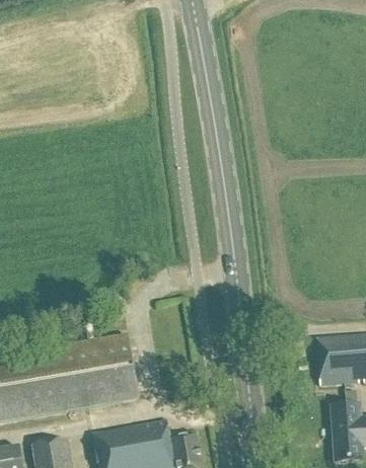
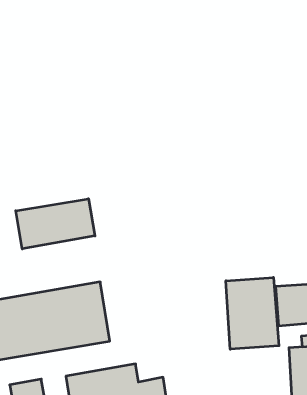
building: none -> [16,199,95,249]
building: none -> [226,277,279,349]

